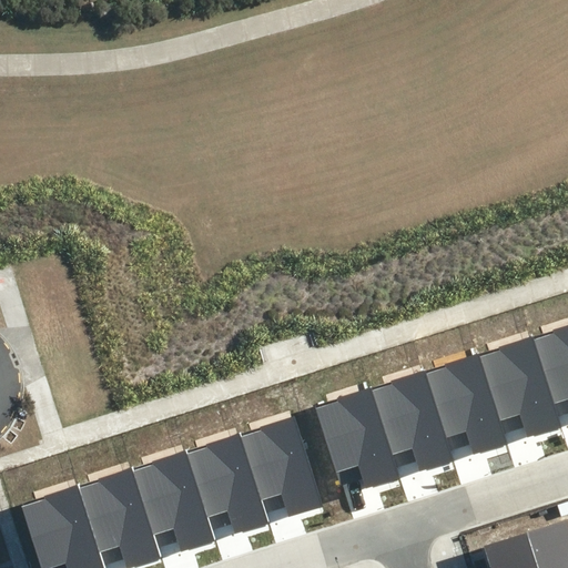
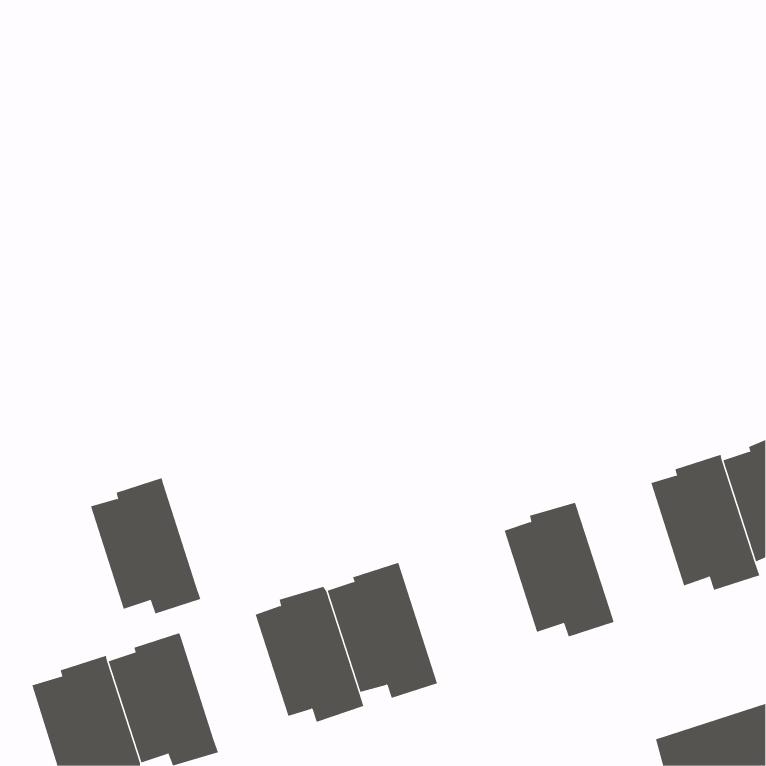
building: [427,354,509,454] -> none
building: [316,388,400,489] -> none
building: [134,450,216,551] -> [90,478,201,614]

